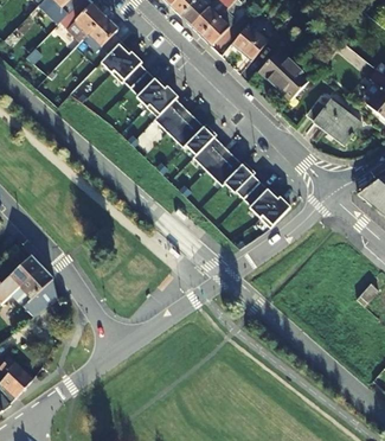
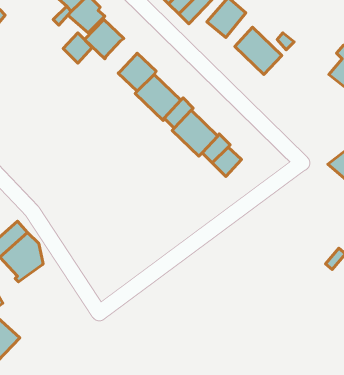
building: [123,65,154,97] -> [63,33,92,63]
building: [307,101,359,143] -> none
building: [249,188,290,230] -> none

